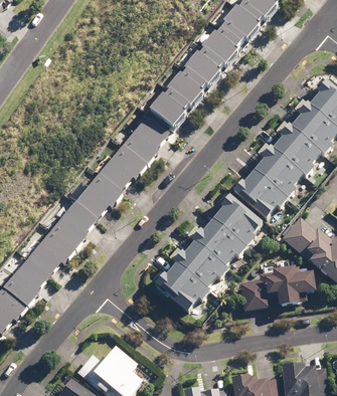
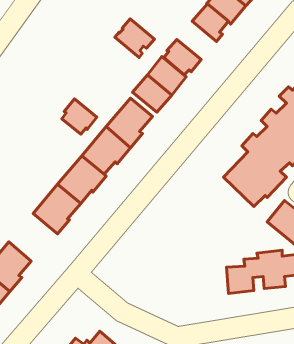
building: [193,38,232,76] -> [115,19,154,57]
building: none -> [62,99,97,134]
building: [155,194,264,312] -> none
building: [26,229,74,276] -> none

